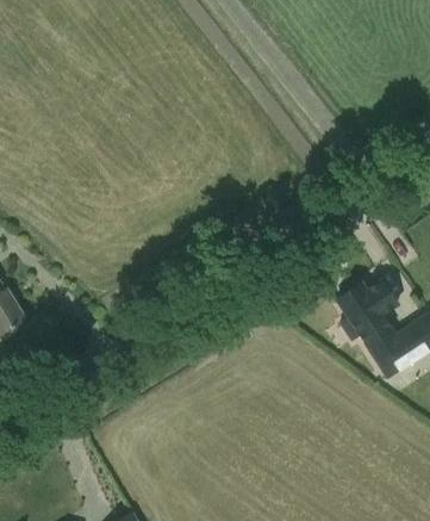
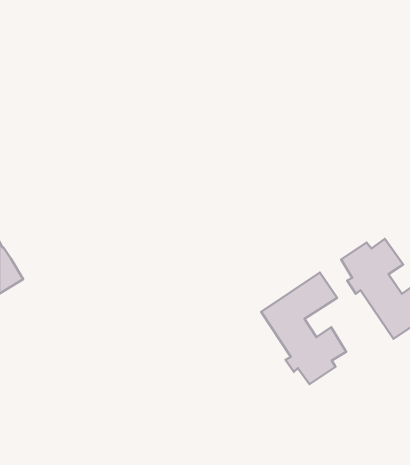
building: none -> [261,272,346,384]

